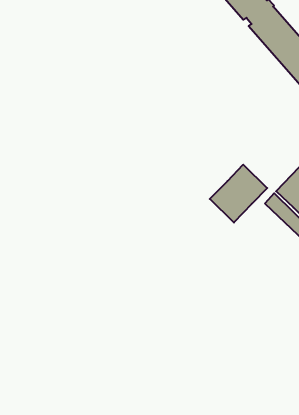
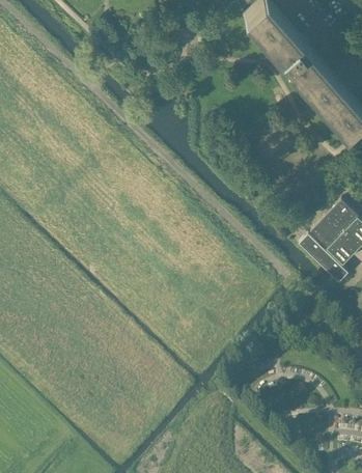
building: [210,165,267,223] -> none

